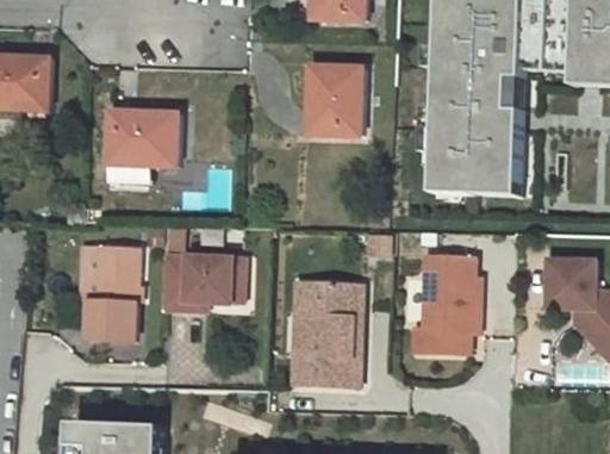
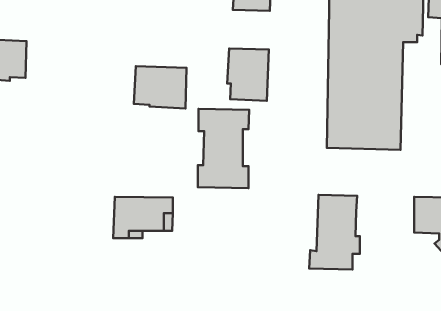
building: [106,108,174,163] -> [134,66,186,108]
building: [80,250,129,343] -> none
building: [291,280,357,383] -> [198,109,249,188]

